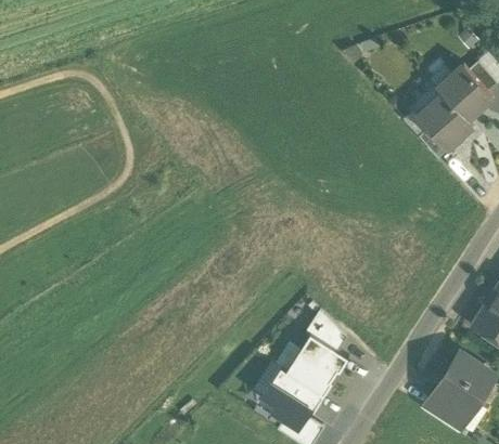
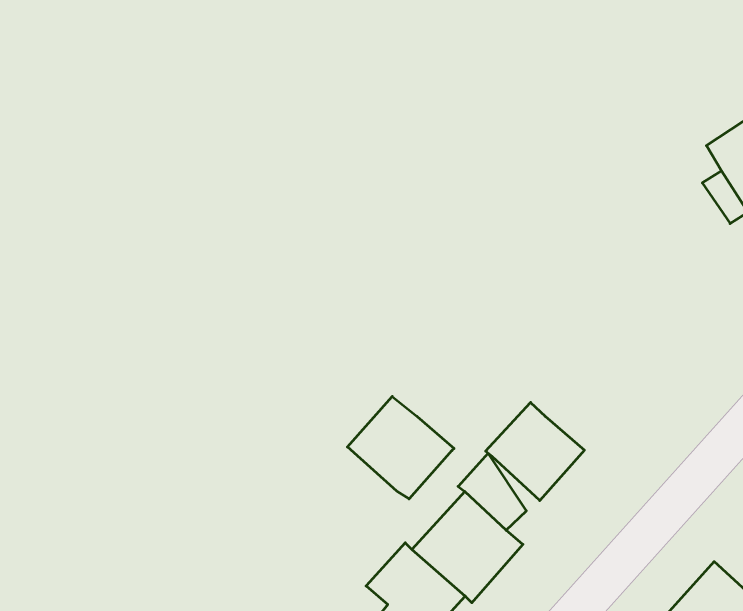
building: none -> [486,402,584,501]
building: none -> [347,396,454,499]

